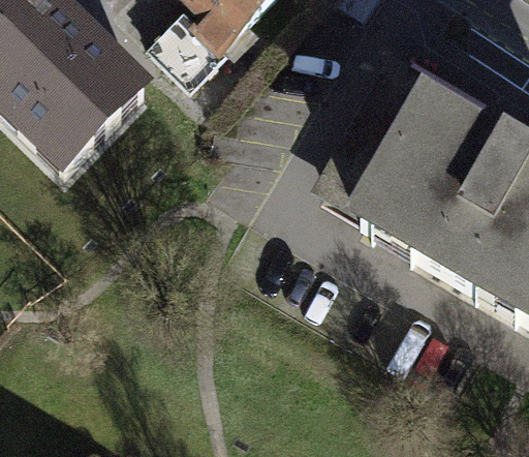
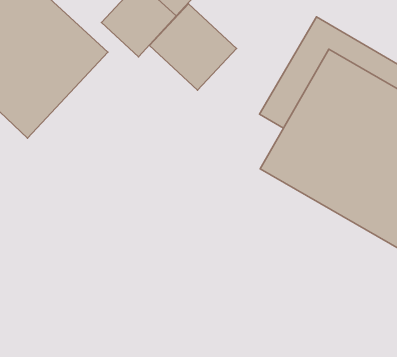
building: none -> [149,4,236,90]

